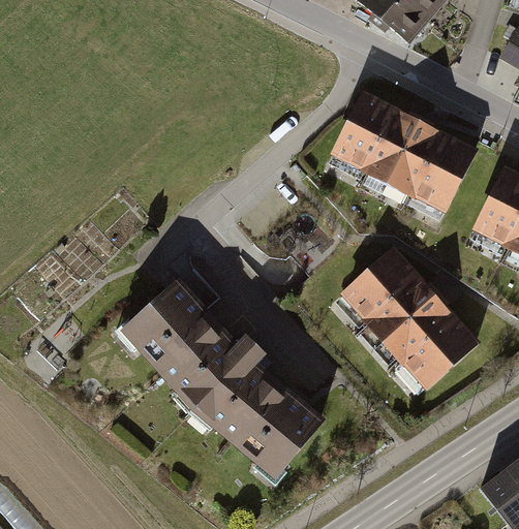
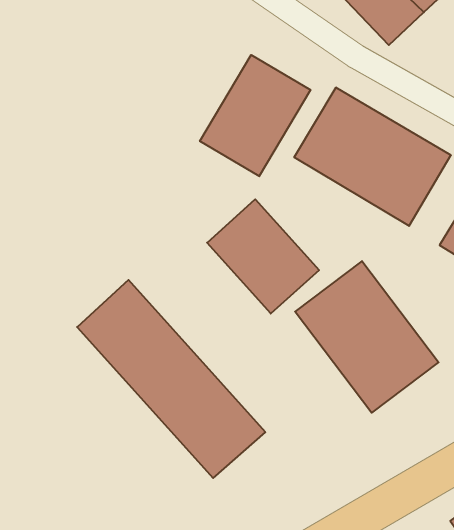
building: none -> [200,55,310,176]
building: none -> [207,199,319,314]

